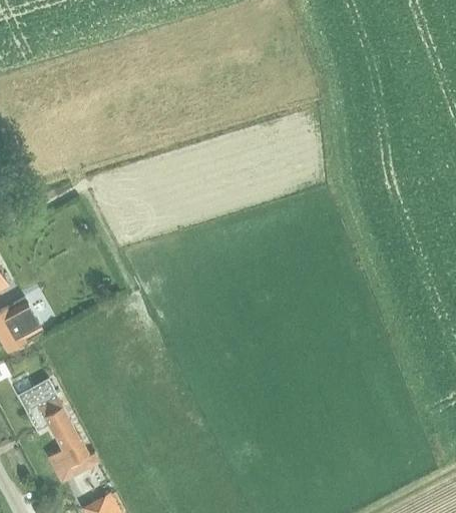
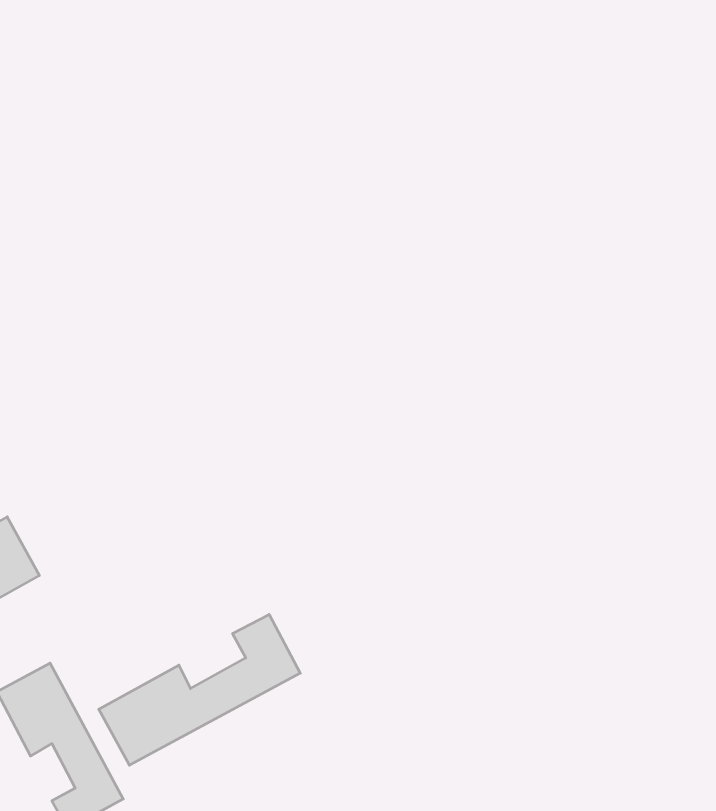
building: none -> [99,614,300,765]

